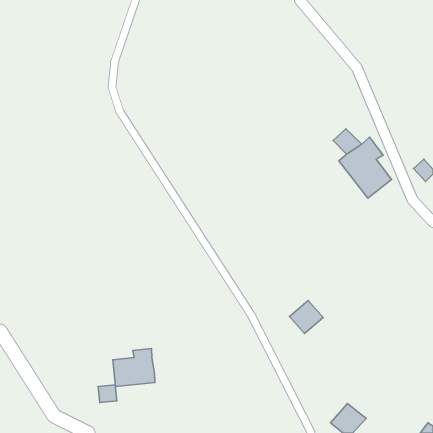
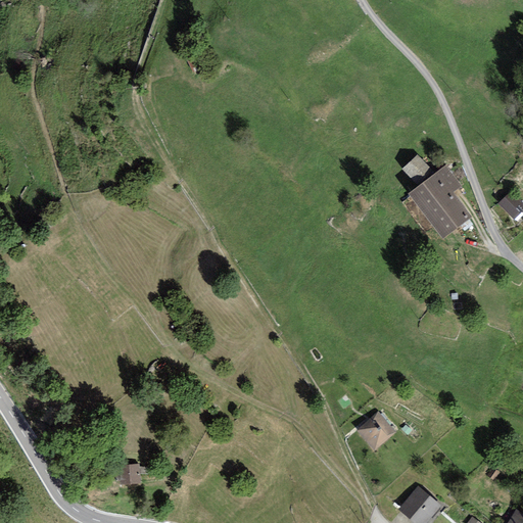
building: [289,301,323,334] -> [355,412,396,451]
building: [113,348,155,386] -> none

